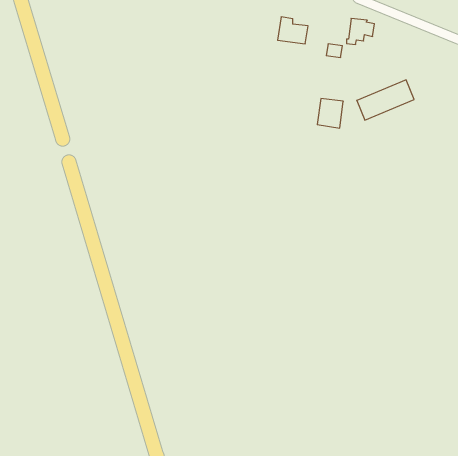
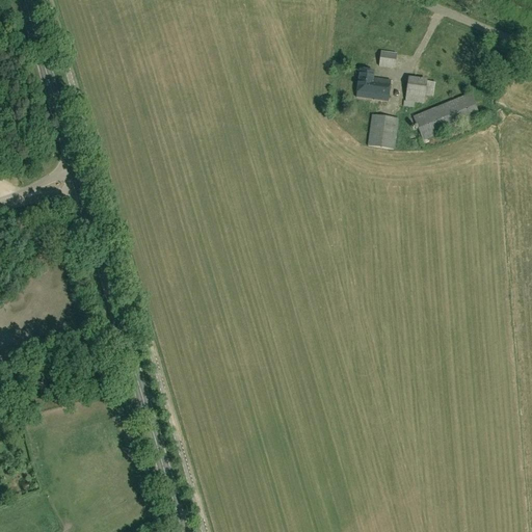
building: [278,17,308,44] -> [355,69,391,100]
building: [347,18,374,44] -> [403,76,435,106]

